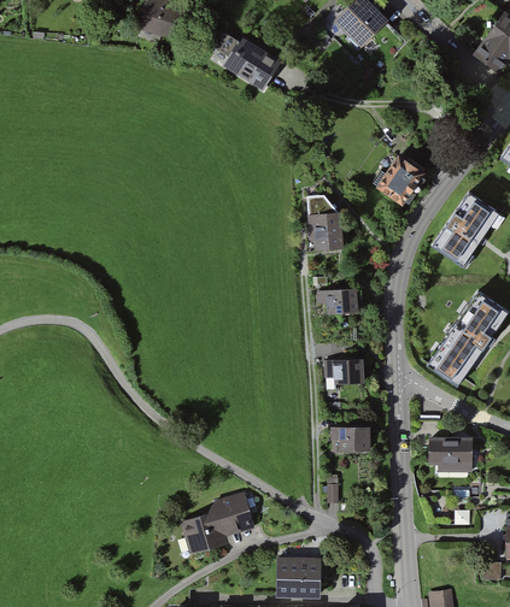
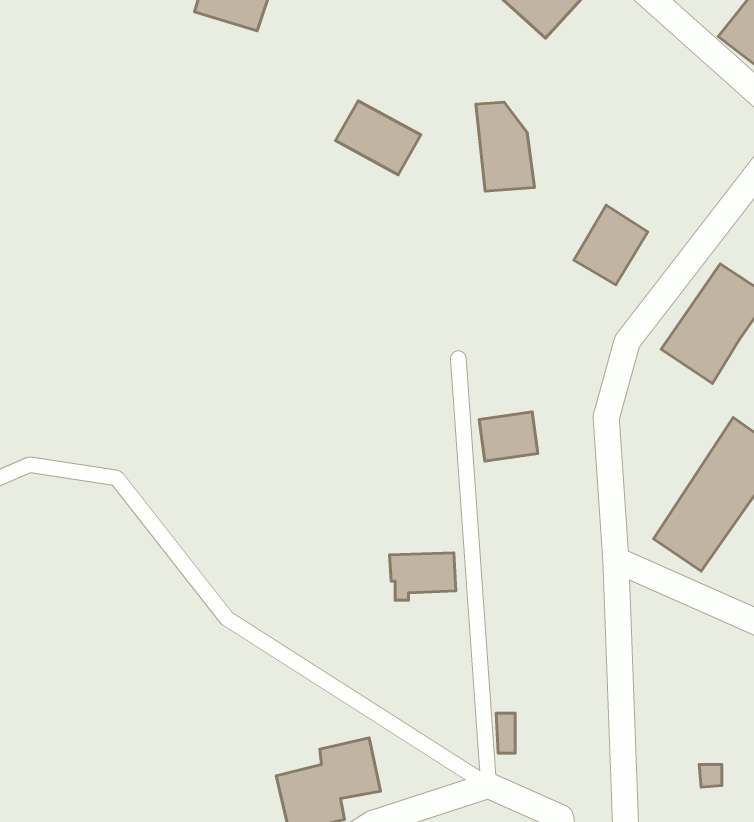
building: [222,41,276,88] -> [336,101,421,175]
building: [304,194,341,251] -> [476,102,535,191]
building: [326,359,368,389] -> [389,553,456,600]
building: [333,426,373,452] -> none
building: [427,435,473,470] -> none

